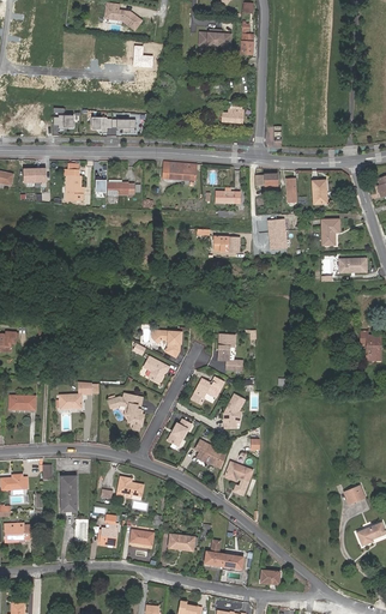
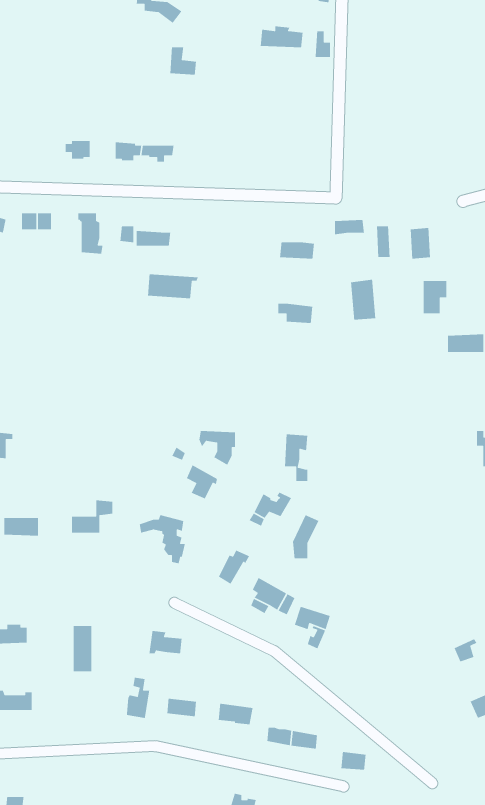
building: [163,161,201,180] -> [147,274,199,299]

